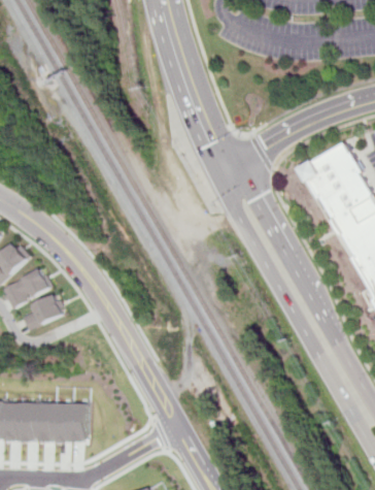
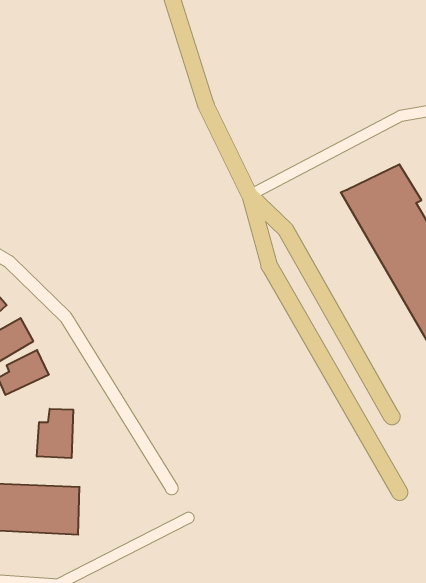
building: none -> [37,409,73,458]

